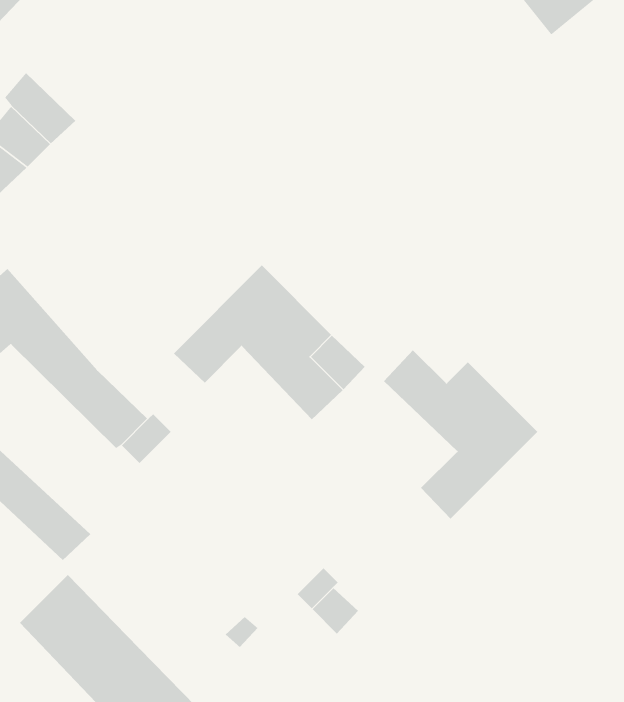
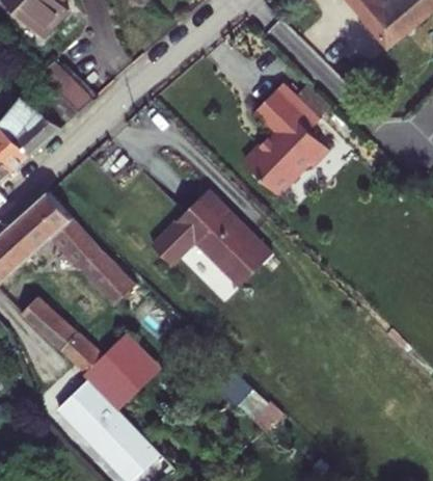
building: none -> [243,79,328,190]
building: [383,350,538,520] -> none
building: none -> [83,332,159,407]

